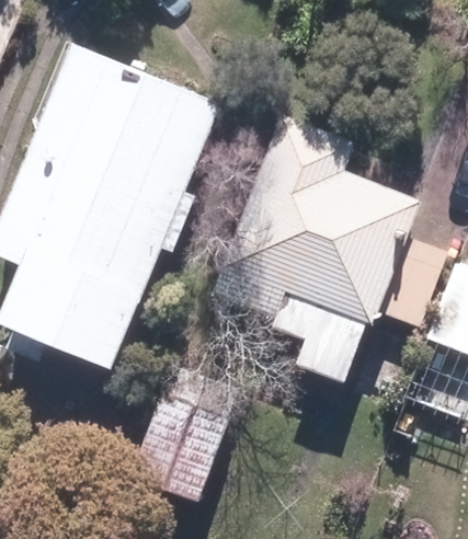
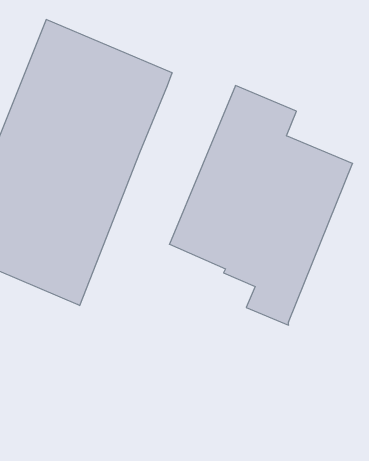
building: [146,363,254,495] -> none

